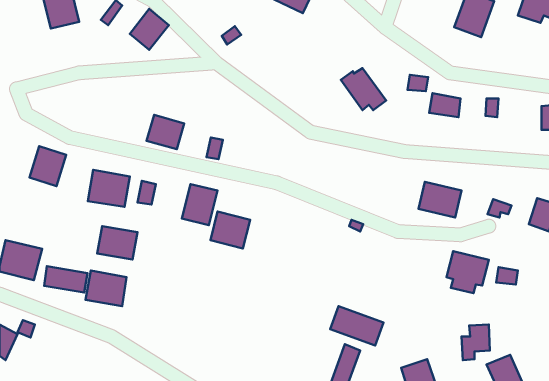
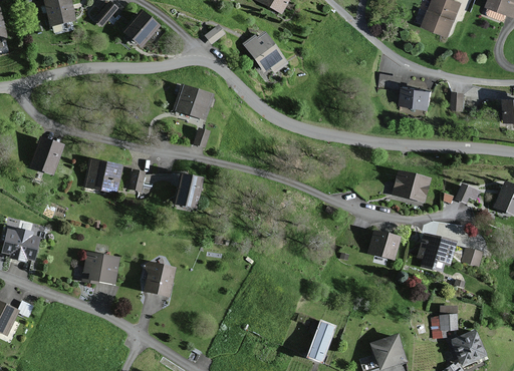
building: [341,68,386,110] -> [246,31,288,70]
building: [147,115,184,149] -> [178,85,213,117]
building: [210,211,250,248] -> none
building: [97,226,137,260] -> none
building: none -> [367,231,400,260]
building: [44,266,87,292] -> none
building: none -> [144,261,174,296]
building: [330,306,384,345] -> none

